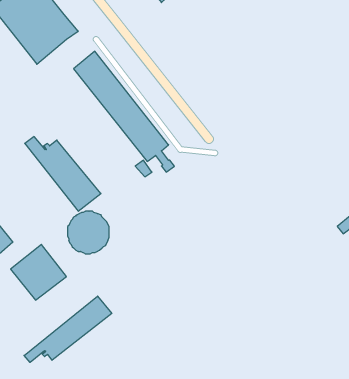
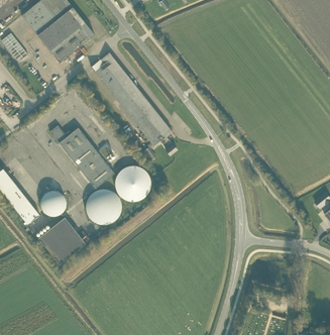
building: none -> [115,164,150,201]
building: none -> [40,190,66,216]
building: [24,296,112,362] -> none

